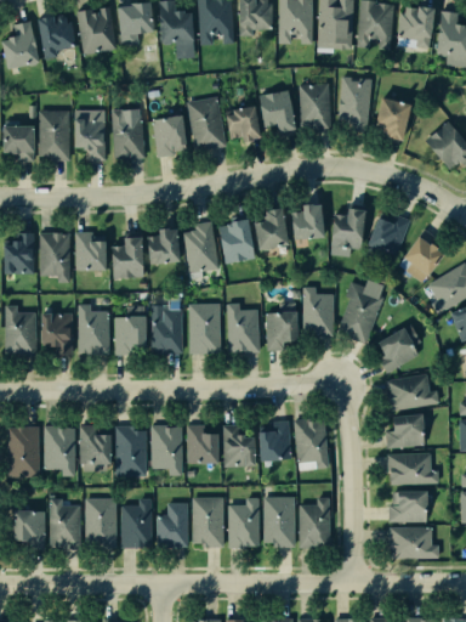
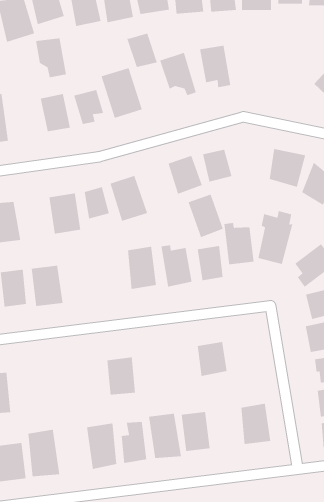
building: [342,79,374,132] -> none
building: [380,98,413,141] -> none
building: [226,103,258,142] -> [126,32,158,68]
building: [75,117,107,162] -> [35,38,67,78]
building: [329,209,362,244] -> none
building: [216,214,254,264] -> [188,194,224,238]
building: [75,231,103,271] -> none
building: [152,307,184,354] -> none
building: [115,315,147,357] -> none
building: [297,417,333,469] -> none
building: [223,426,252,466] -> none
building: [41,428,76,477] -> none
building: [114,428,147,476] -> none
building: [188,428,216,465] -> none
building: [81,434,109,464] -> none
building: [90,497,117,552] -> none
building: [265,497,295,547] -> none

